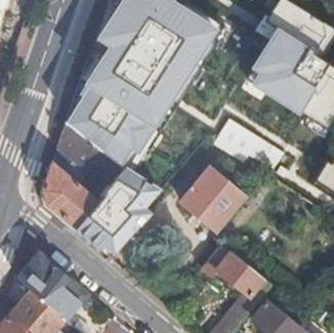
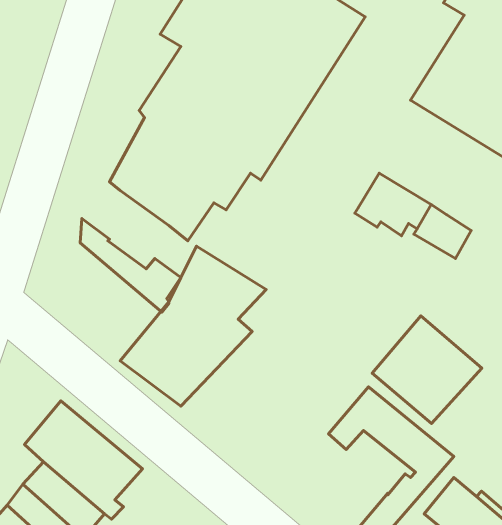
building: [51,125,119,181] -> none
building: [40,161,98,231] -> none
building: [177,167,242,231] -> [372,316,482,424]

